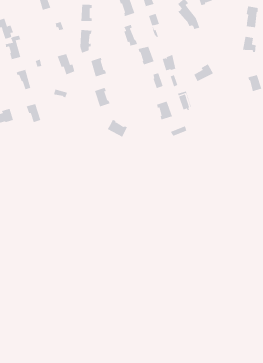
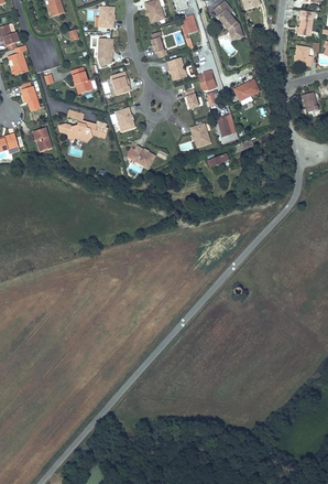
building: none -> [58,121,107,140]

